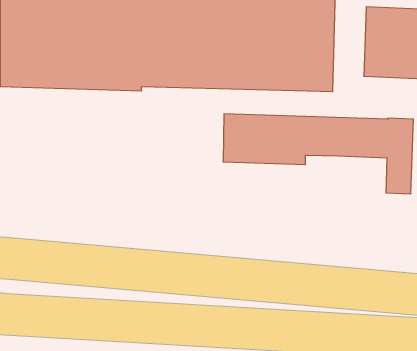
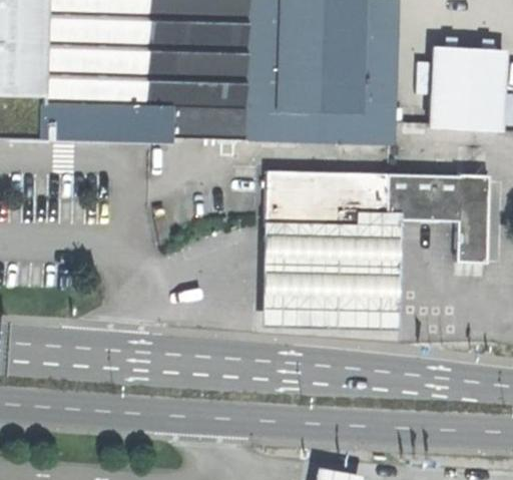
building: none -> [262,218,402,329]

